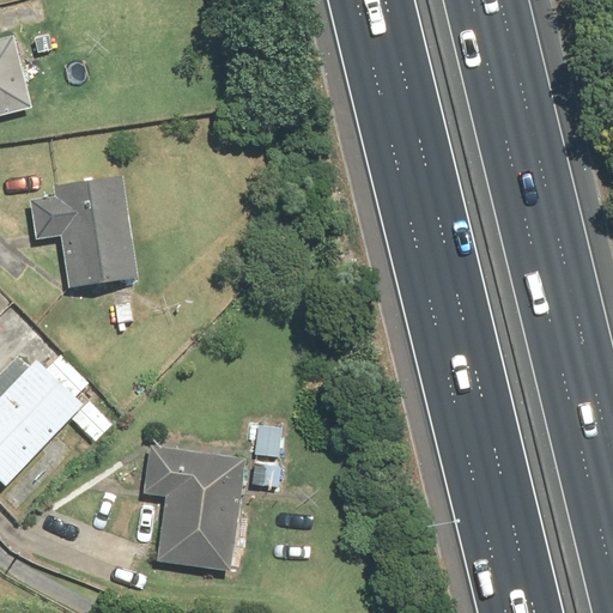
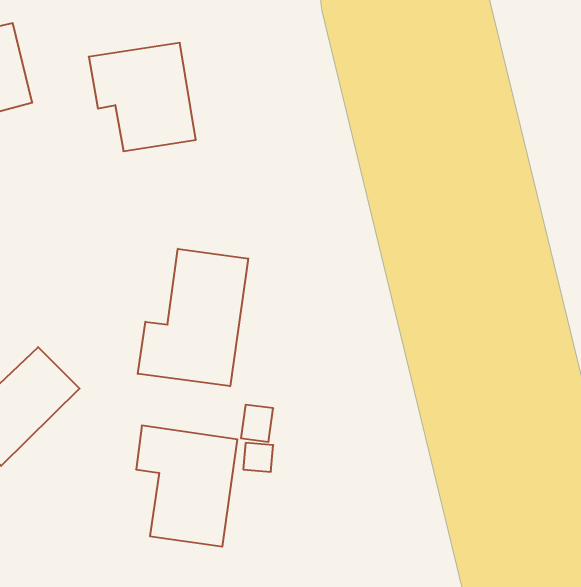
building: [25,174,136,286] -> [89,43,196,151]
building: none -> [138,249,248,386]

